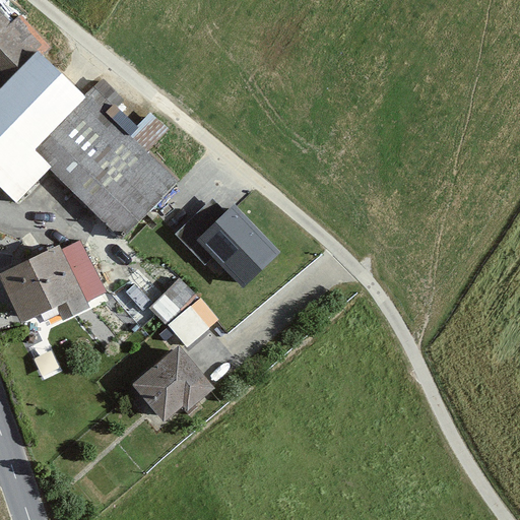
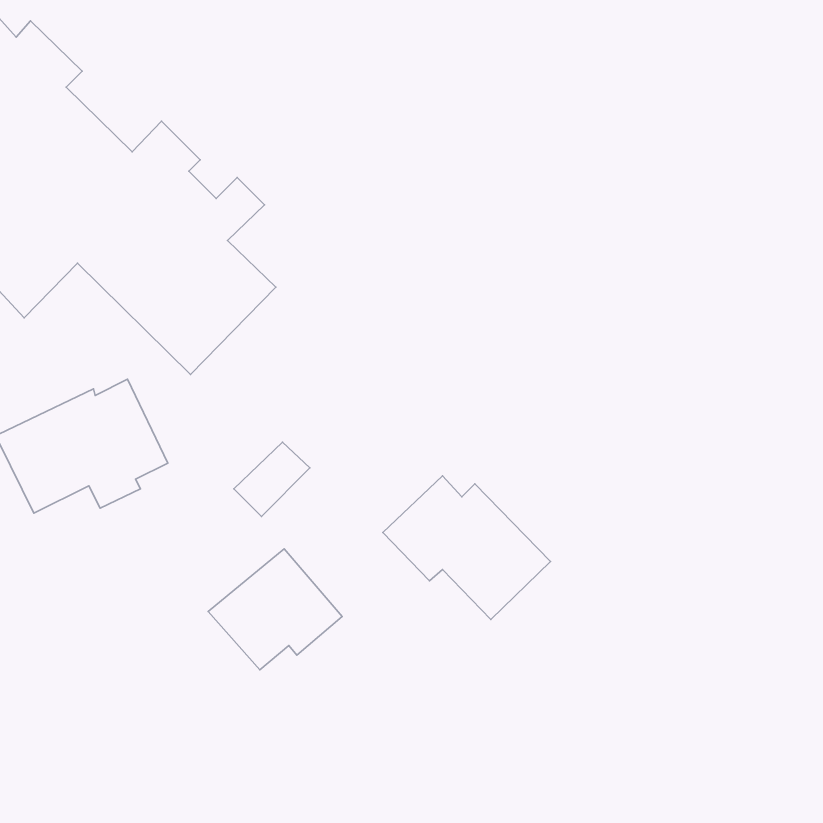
building: [175,199,280,289] -> [383,476,551,619]
building: [168,299,218,348] -> none

